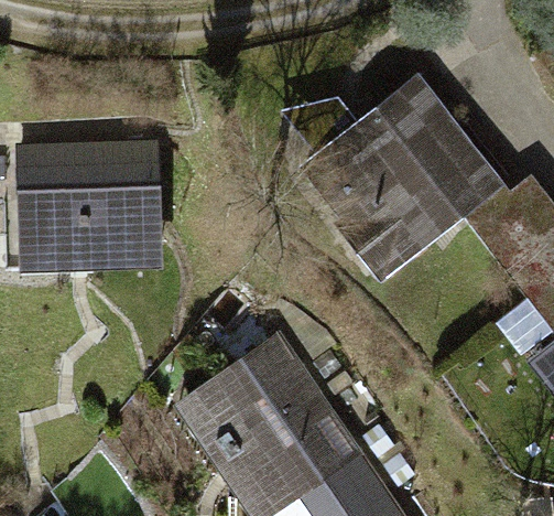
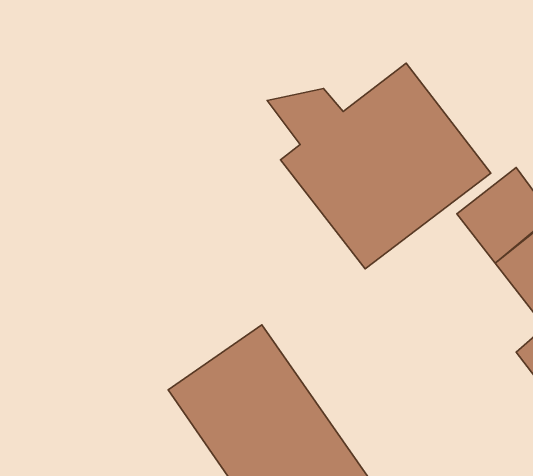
building: [20,141,163,266] -> none

